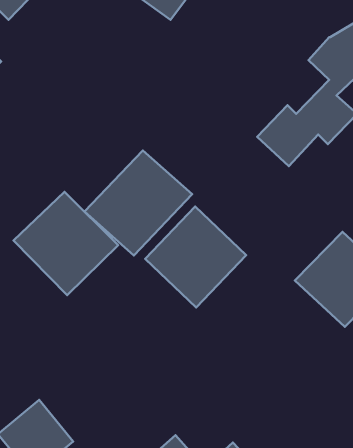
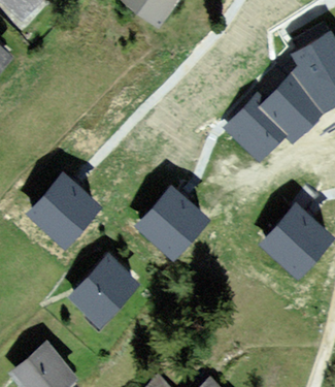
building: [85,150,192,255] -> none
building: none -> [68,257,139,328]

